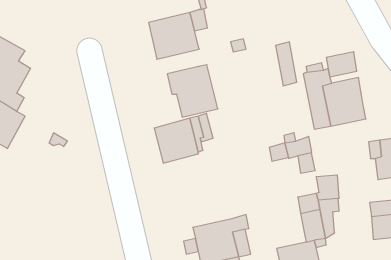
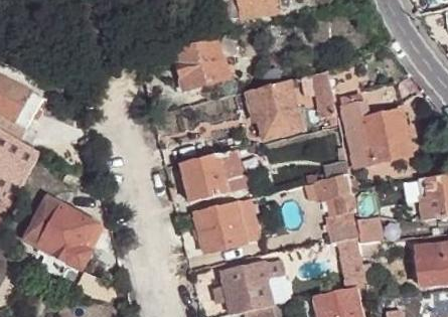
building: [167,65,218,117] -> [247,80,302,137]
building: none -> [22,198,105,280]
building: none -> [194,202,245,253]
building: none -> [325,210,359,242]

